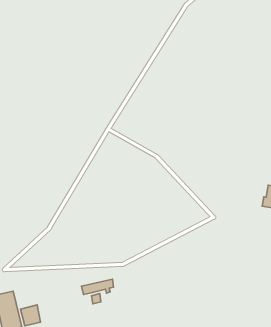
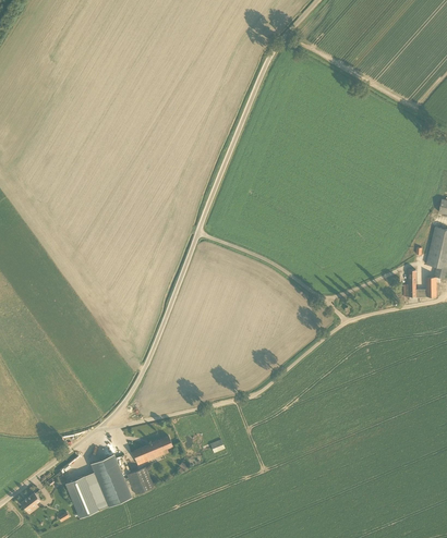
building: [81,279,114,294] -> [131,438,171,463]

